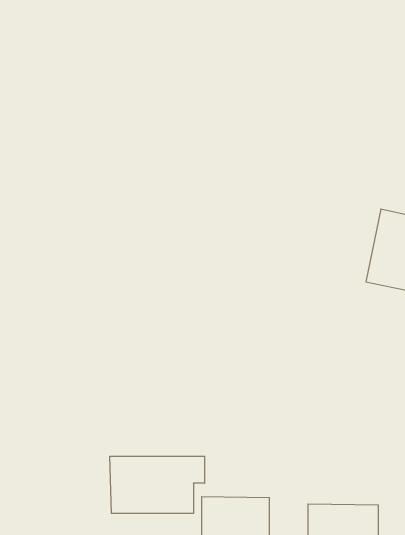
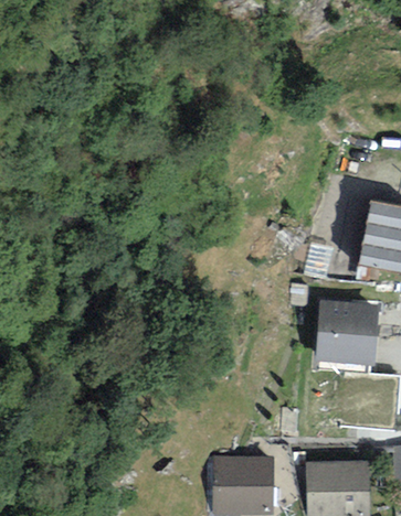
building: none -> [314,299,378,365]
building: [110,456,205,513] -> none

